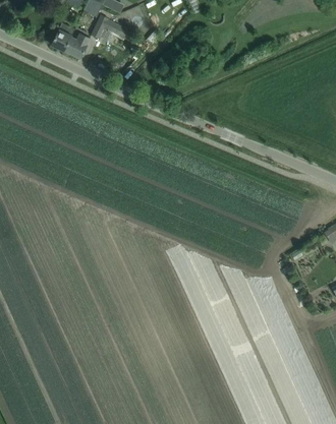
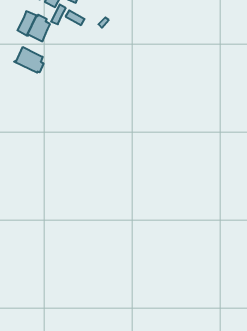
building: none -> [14,47,44,73]

